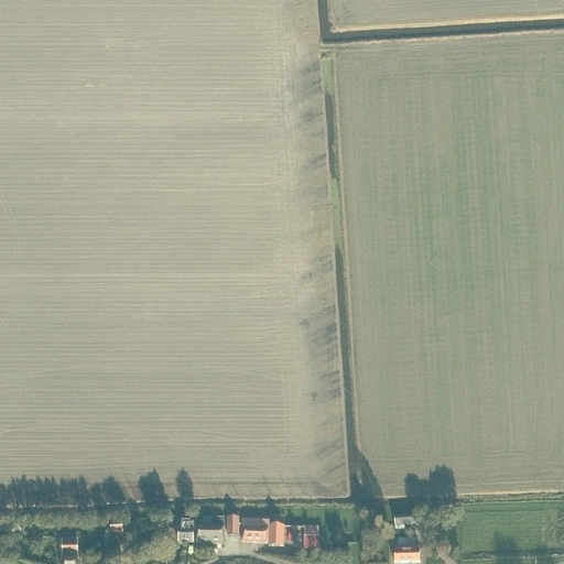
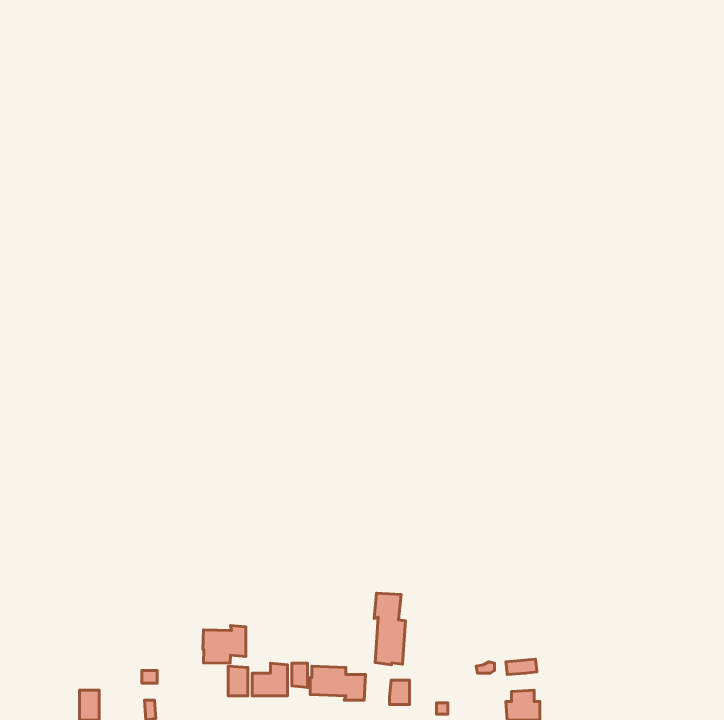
building: none -> [374,593,405,665]
building: none -> [203,625,246,663]

